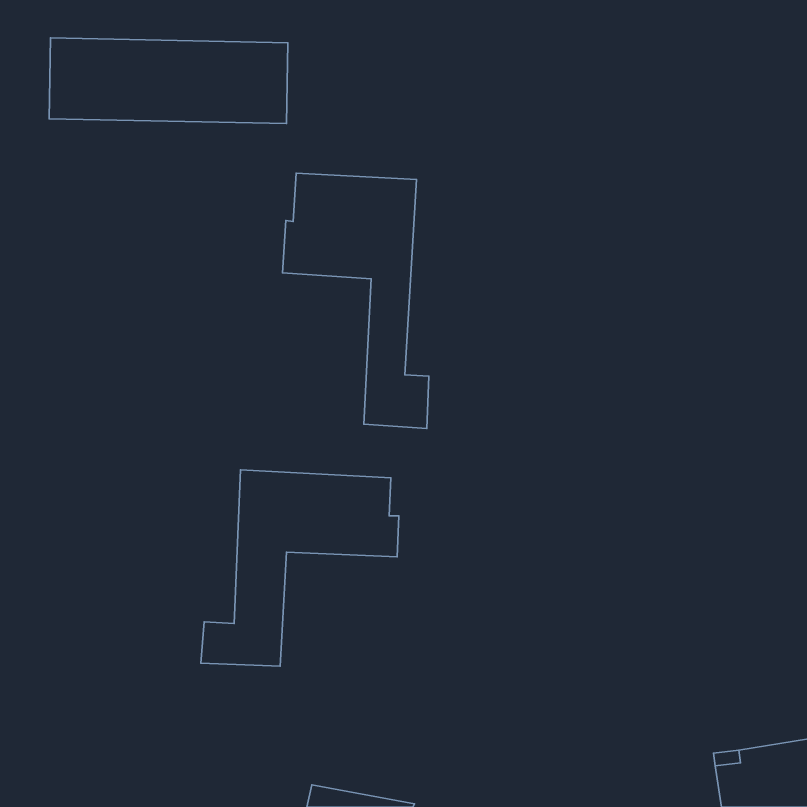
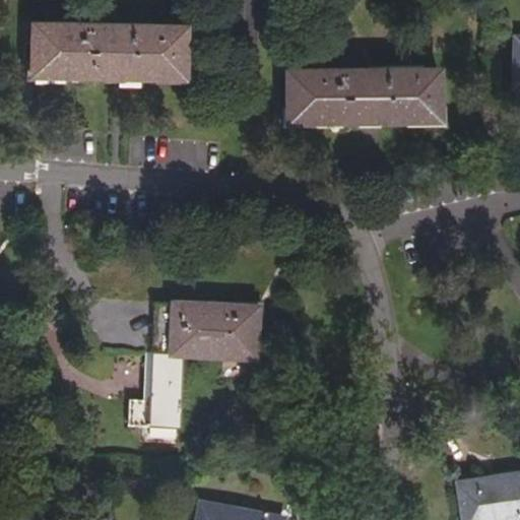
building: none -> [287,70,440,122]
building: [283,173,429,429] -> none

